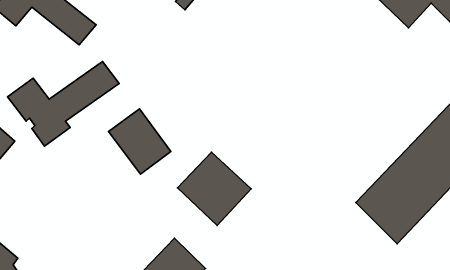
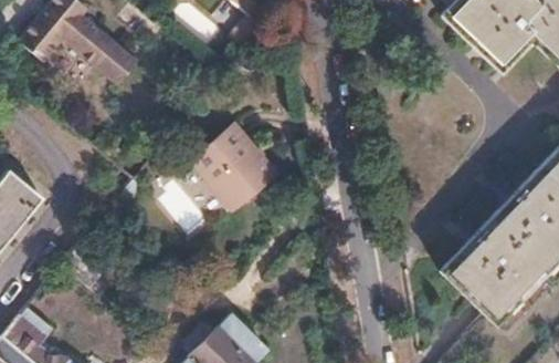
building: [8,61,119,146] -> none
building: [178,152,251,226] -> [190,117,276,204]

